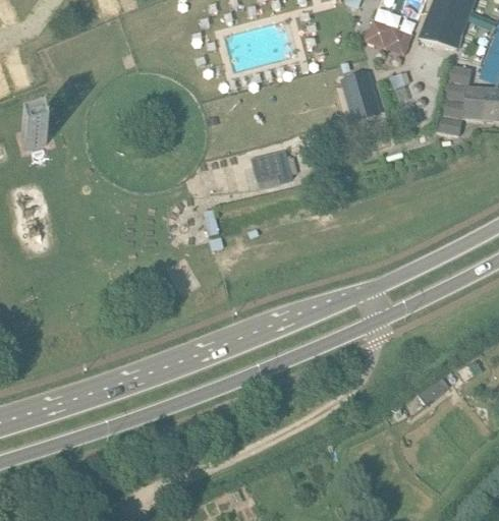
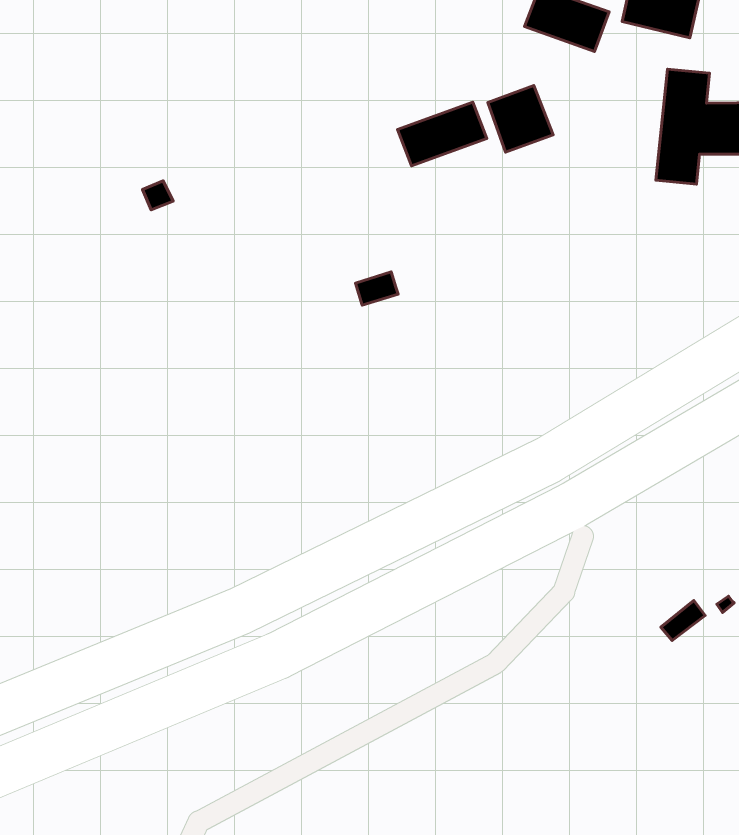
building: none -> [398,102,487,166]

